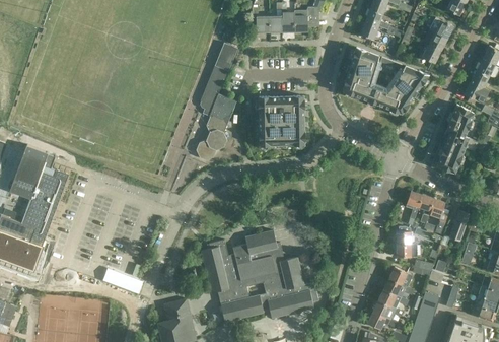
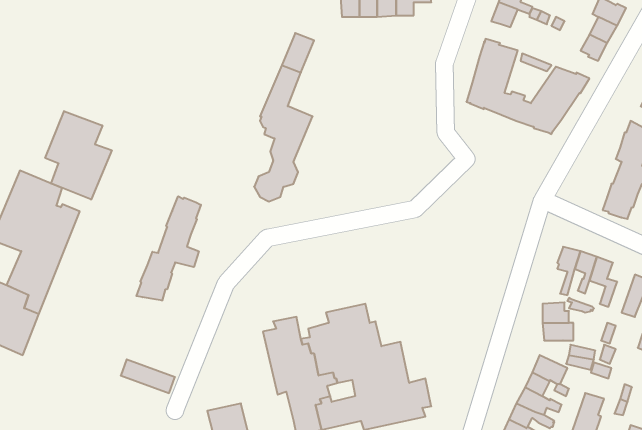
building: [258,95,303,145] -> none
building: none -> [45,111,112,200]
building: none -> [136,196,201,301]

